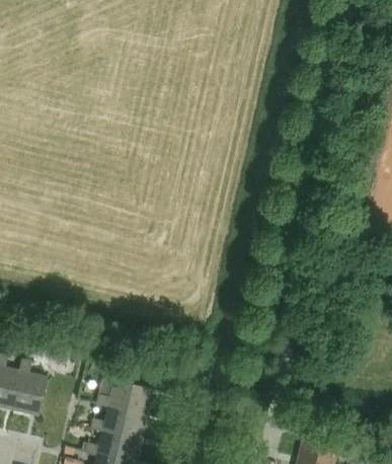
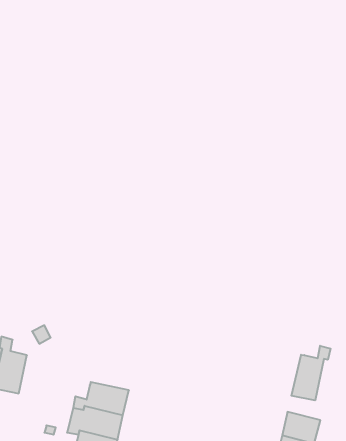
building: none -> [291,346,331,400]
building: [97,379,152,412] -> none

